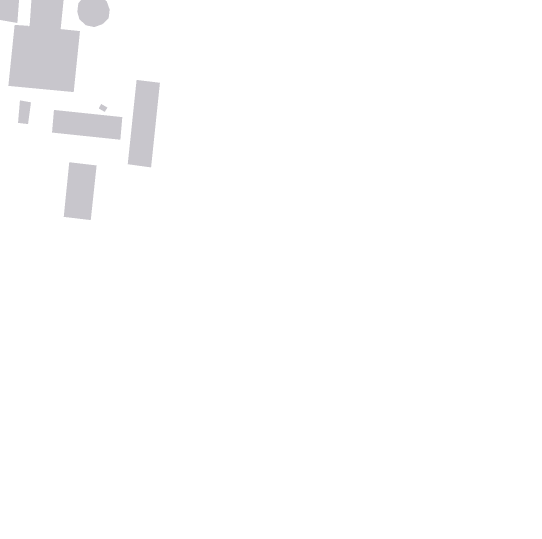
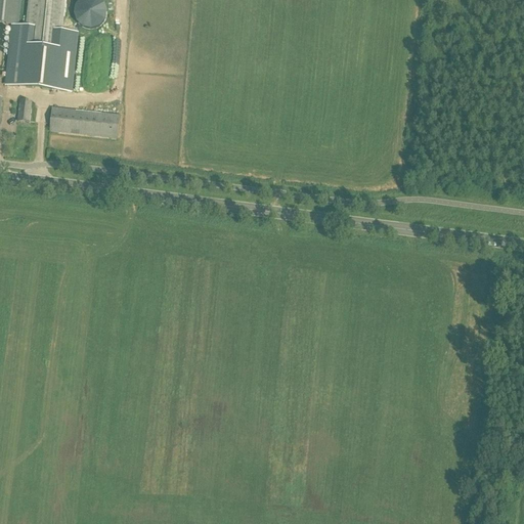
building: [127,79,161,168] -> none
building: [63,162,97,221] -> none

